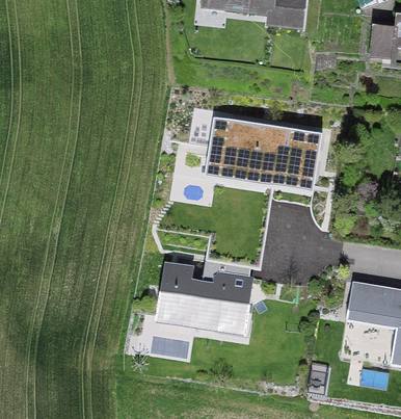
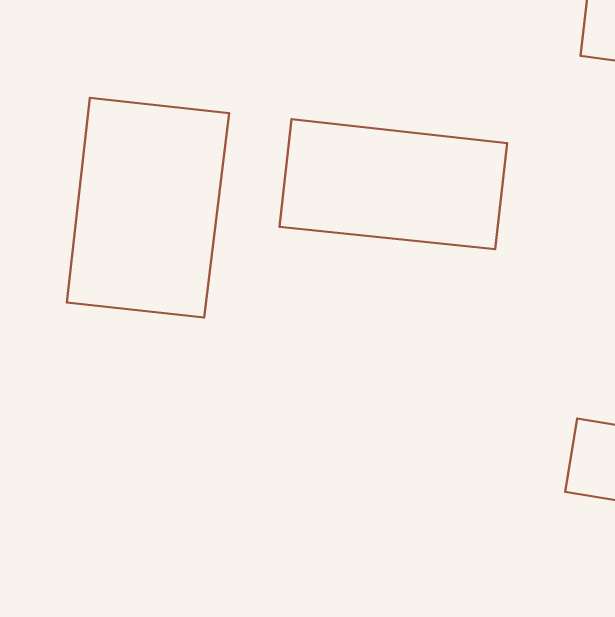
building: none -> [67,98,229,318]
building: [152,258,262,344] -> none

